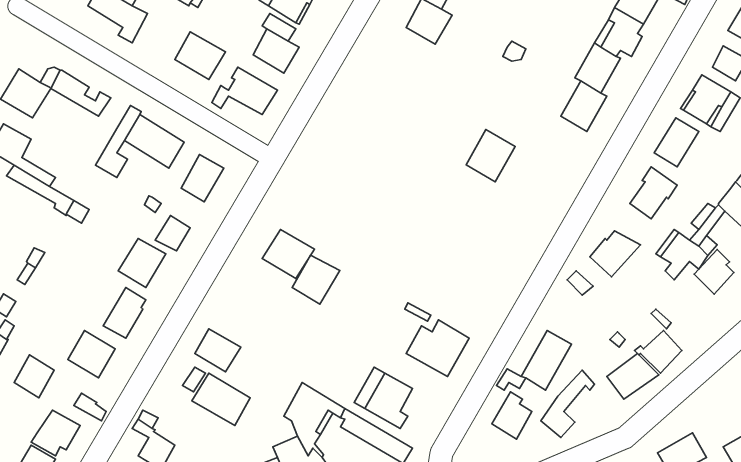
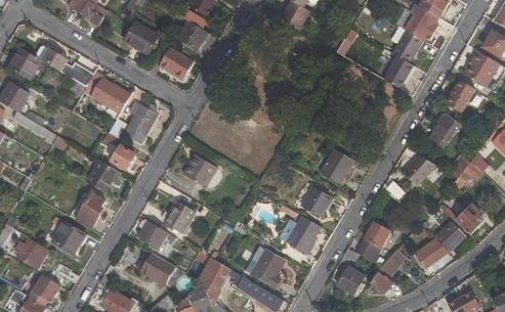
building: [466,130,515,182] -> [321,148,353,183]
building: [694,250,734,294] -> [456,205,482,234]
building: [292,255,340,304] -> [164,202,196,234]
building: none -> [301,186,331,218]

